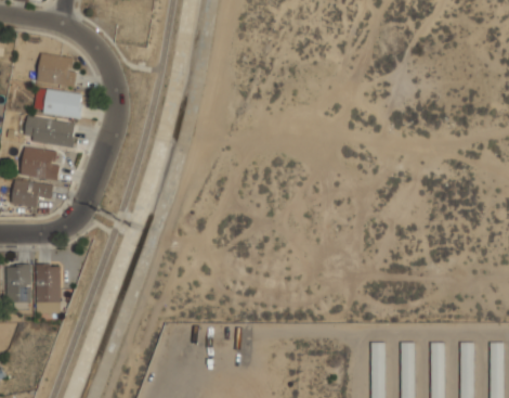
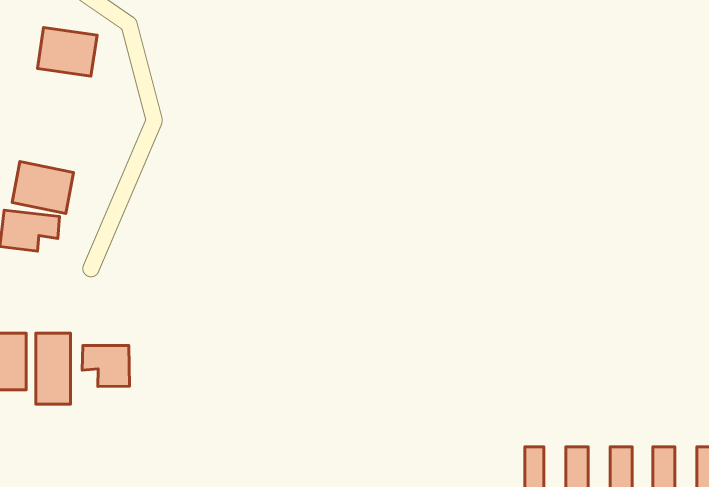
building: [34,87,82,118] -> none
building: [24,116,76,147] -> none
building: none -> [82,346,129,387]

